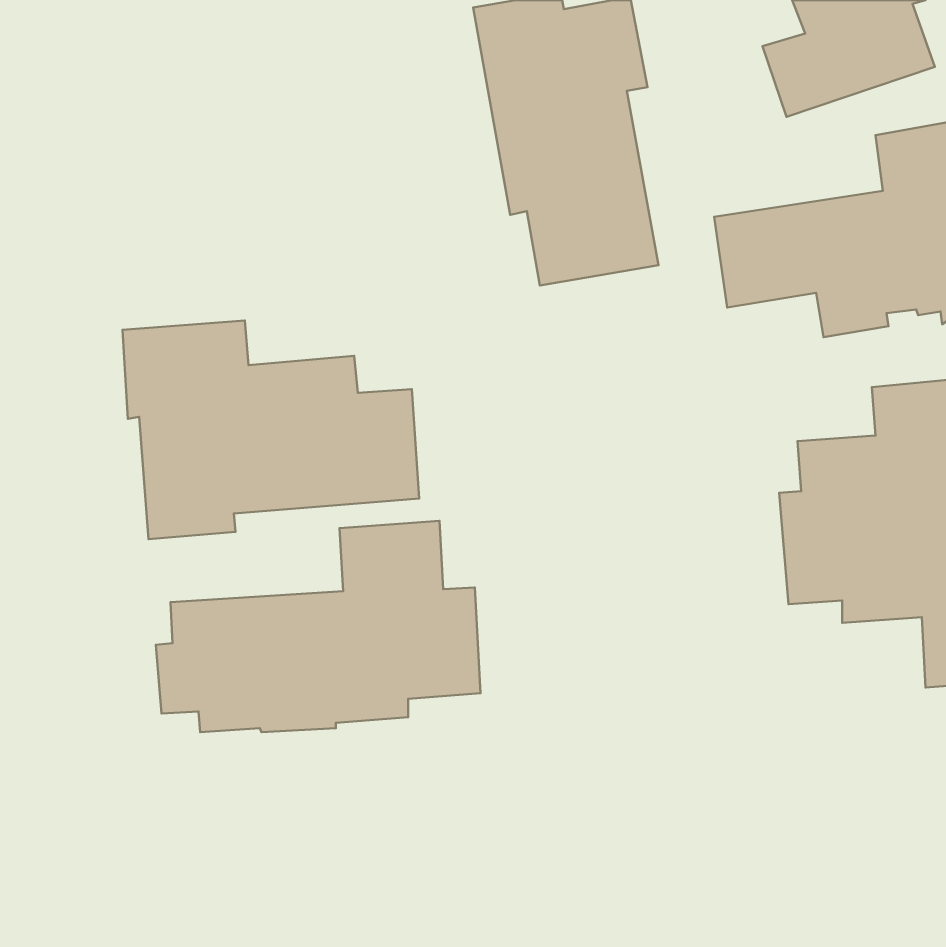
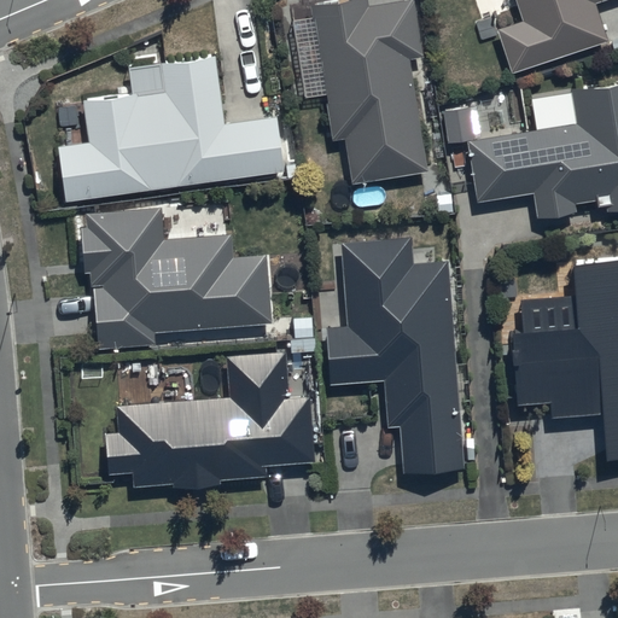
building: none -> [58,56,286,202]
building: none -> [326,238,465,472]

